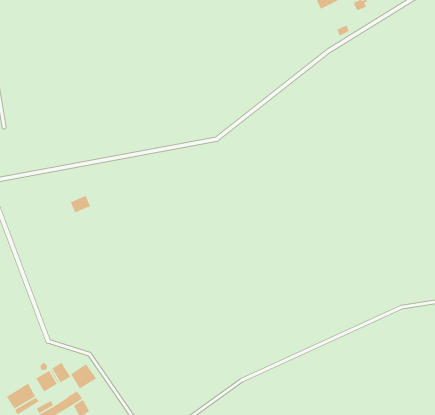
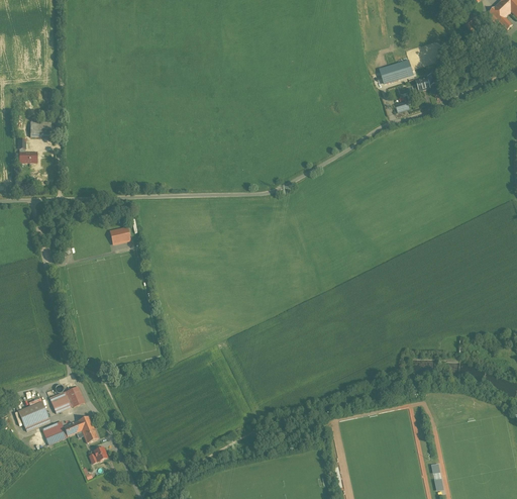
building: [70,363,97,390] -> none

